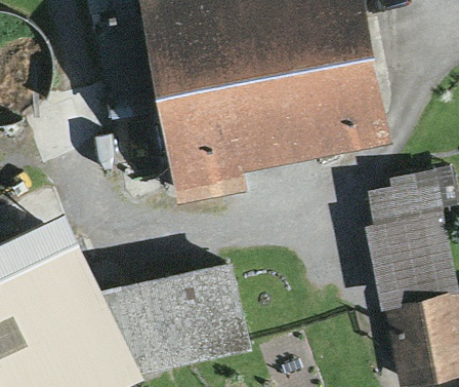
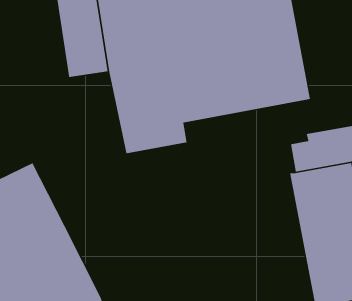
building: [103,263,251,375] -> none

